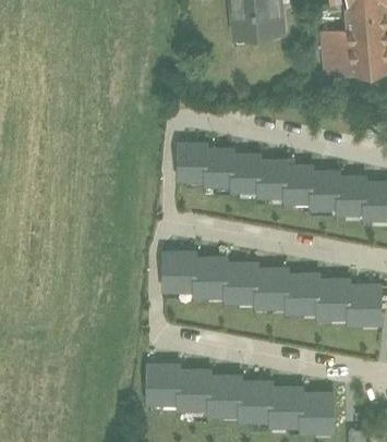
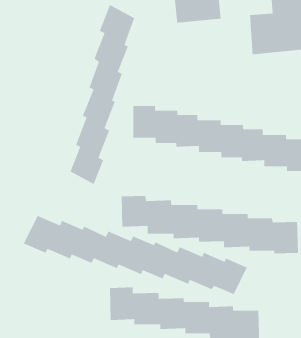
building: none -> [70,4,135,185]
building: none -> [23,215,248,295]

